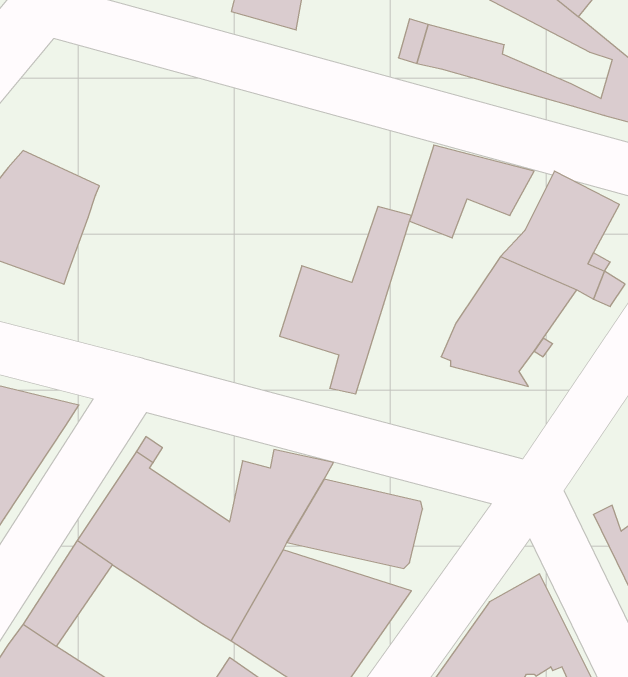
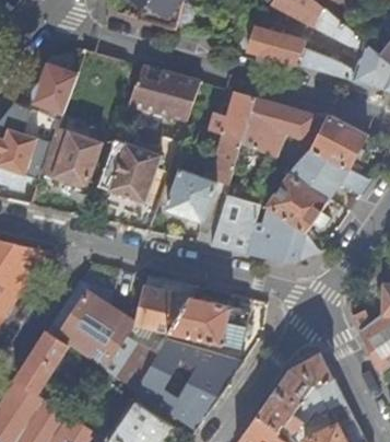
building: none -> [35,65,76,113]
building: none -> [129,66,200,120]
building: none -> [209,92,257,140]
building: none -> [42,128,103,189]
building: none -> [99,138,163,203]
building: none -> [211,193,320,265]

